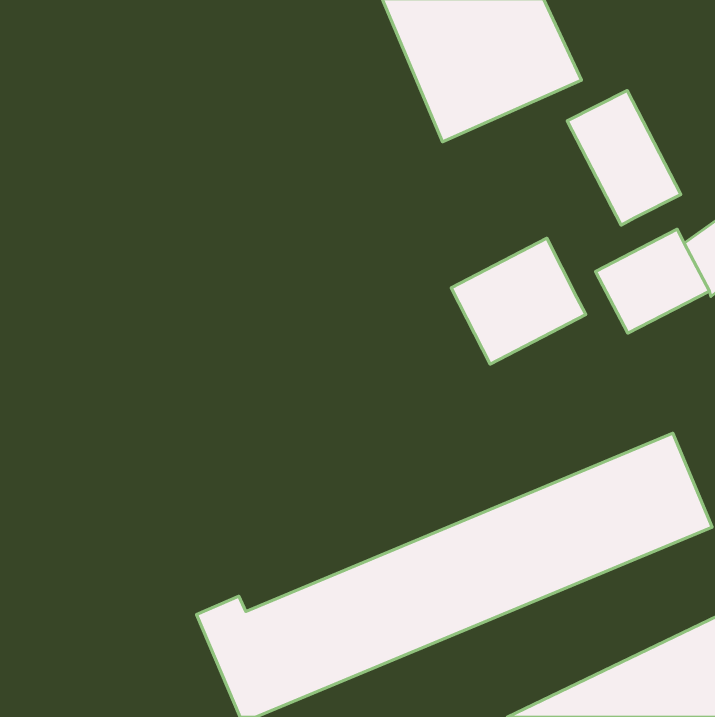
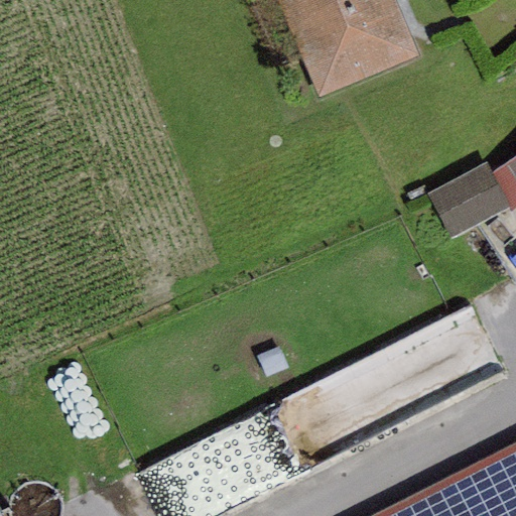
building: [567,90,681,225] -> none
building: [451,238,586,364] -> none

